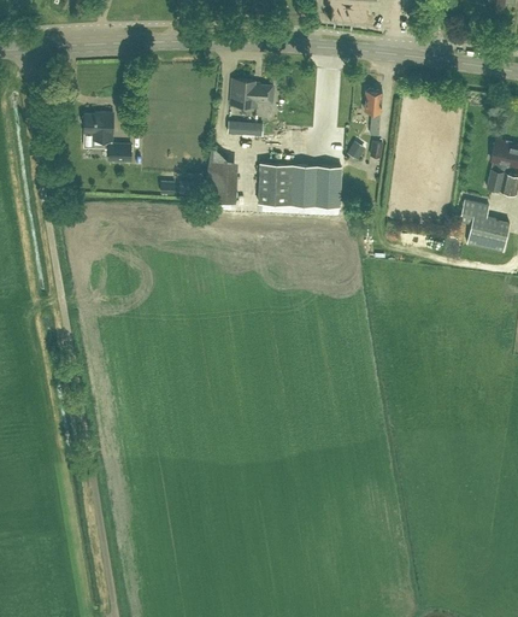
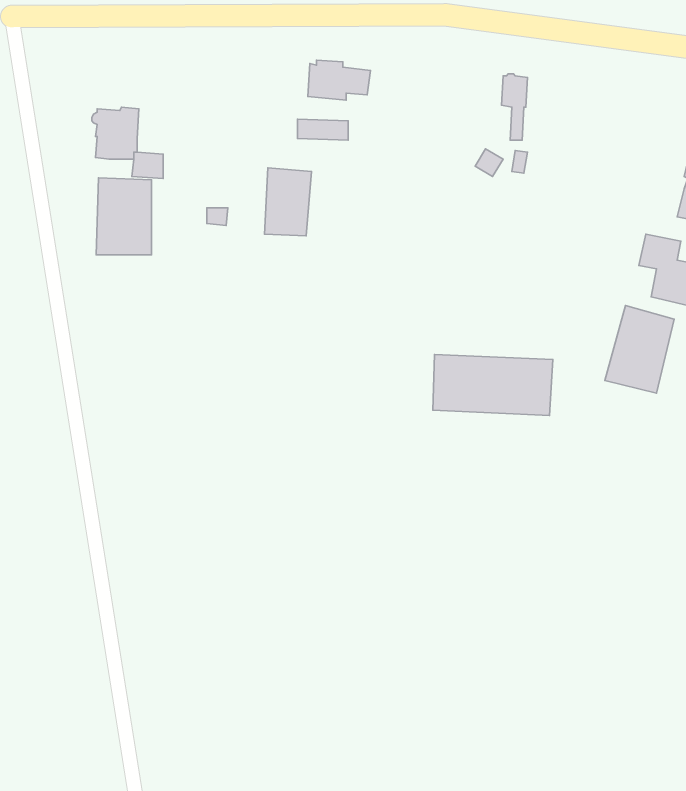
building: none -> [96,178,152,255]
building: [259,164,342,206] -> [433,354,553,415]
building: none -> [605,306,674,393]

